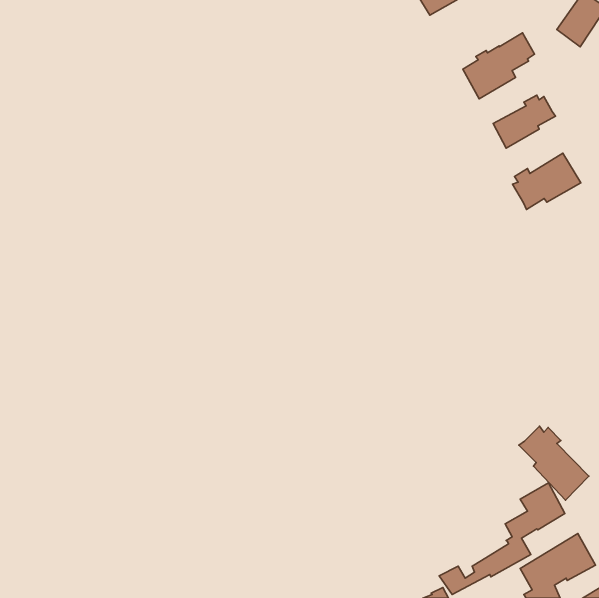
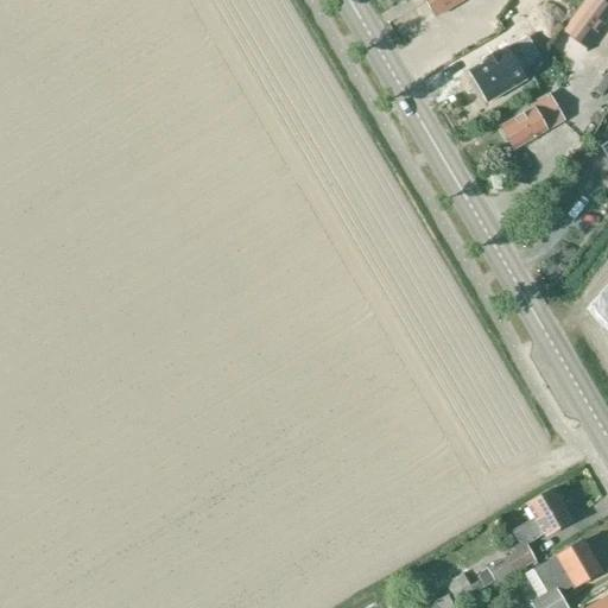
building: [512,153,581,209] -> none
building: [519,426,589,500] -> none

